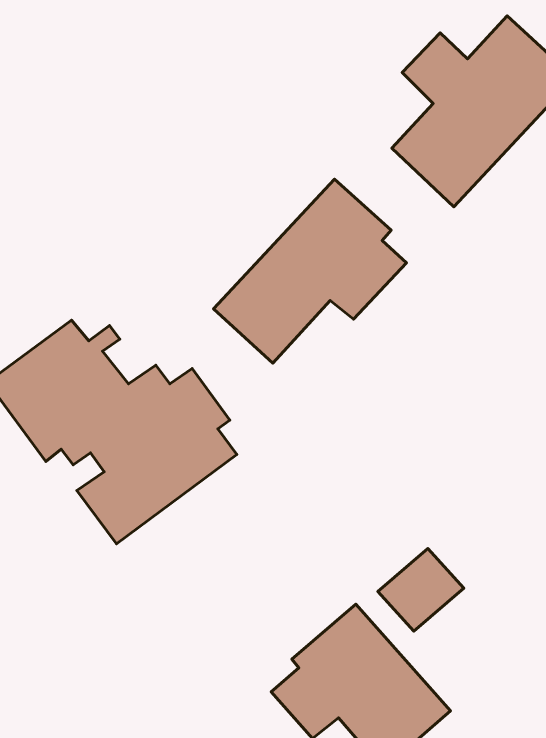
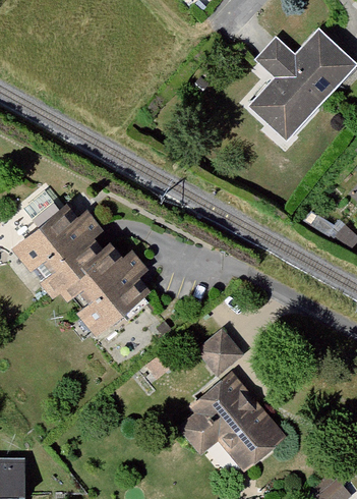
building: [213,179,406,363] -> none
building: [378,549,464,631] -> [195,326,246,375]

